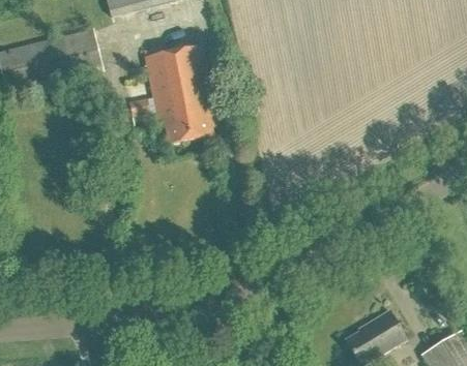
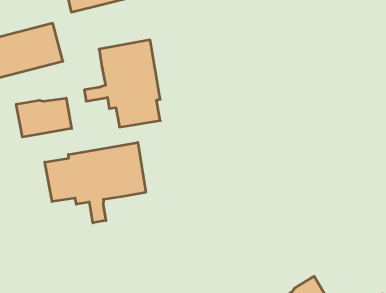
building: none -> [16,98,72,137]
building: none -> [45,142,146,223]

